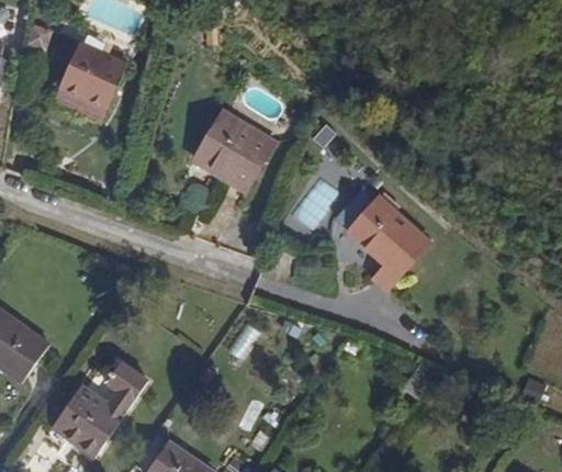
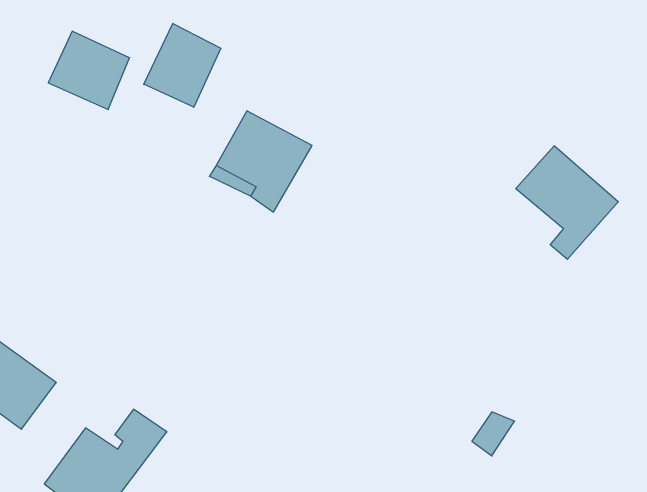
building: none -> [144,23,221,107]
building: [346,195,430,289] -> [516,146,618,259]

